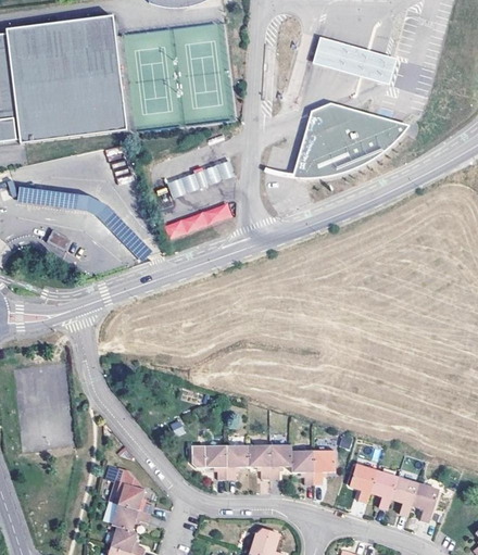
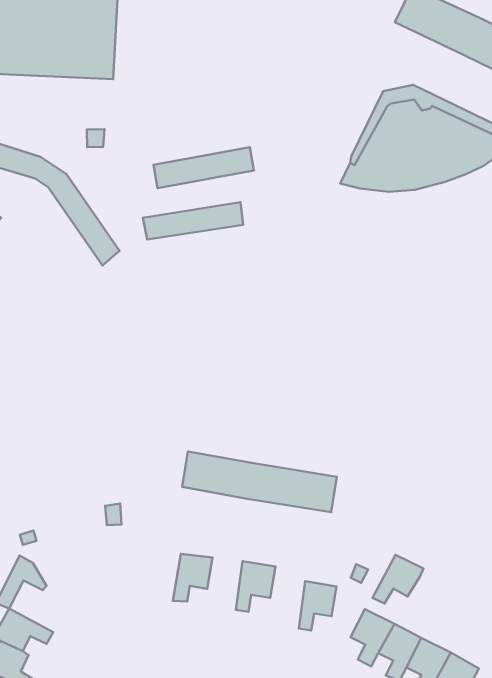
building: none -> [182,452,337,512]
building: none -> [373,555,424,604]
building: [249,443,271,477] -> none
building: [191,445,227,478] -> none
building: [292,450,315,483] -> none
building: [117,481,152,513] -> none

